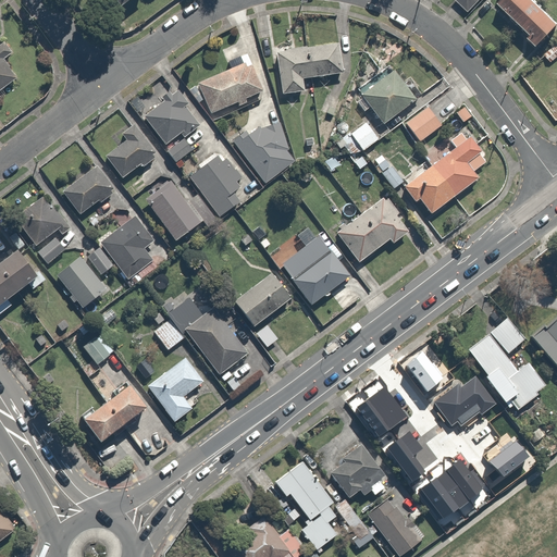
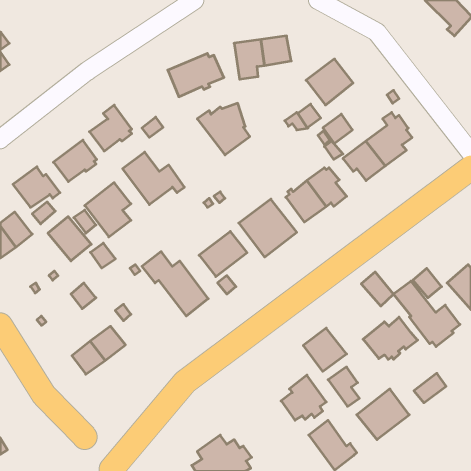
building: [146,88,200,143] -> none
building: [407,107,442,141] -> [323,114,352,144]
building: [190,157,244,216] -> none
building: [154,320,184,349] -> [90,243,115,268]
building: [405,351,443,392] -> [361,272,394,306]
building: [147,357,205,422] -> none
building: [272,459,335,549] -> none

